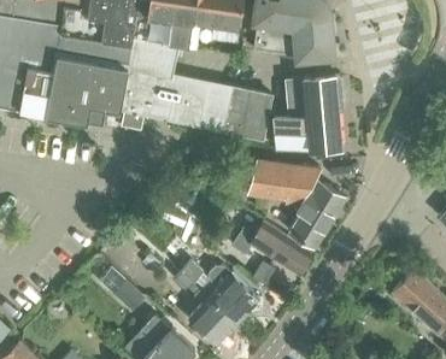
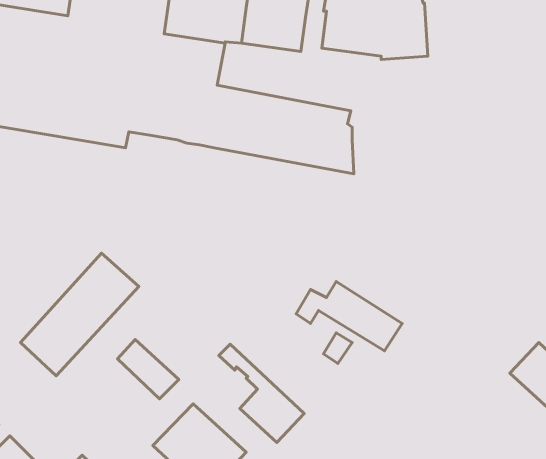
building: [275,75,341,149] -> none
building: [229,158,345,247] -> none
building: none -> [21,253,139,376]
building: [183,260,259,322] -> none

